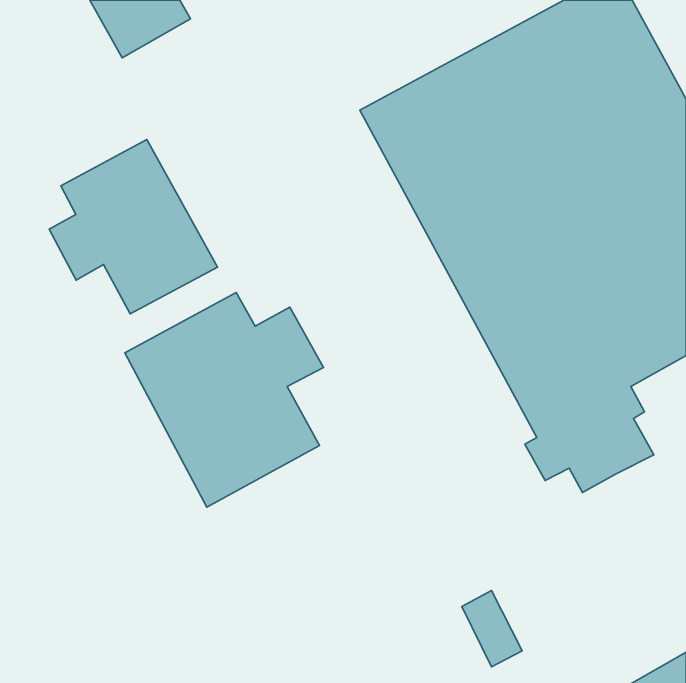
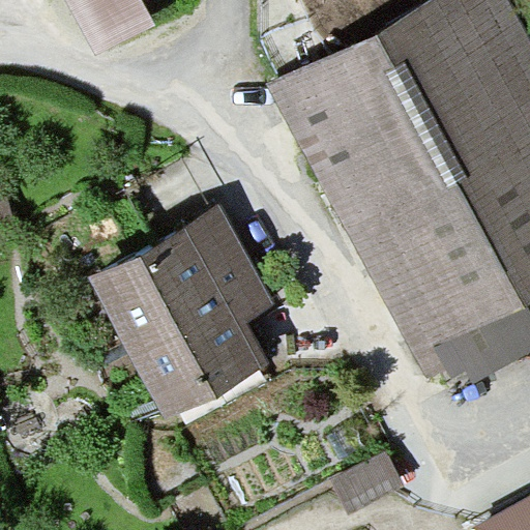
building: [49,139,217,314] -> none

